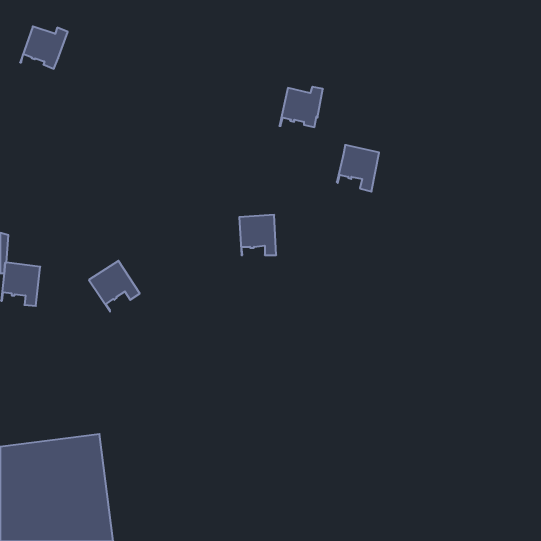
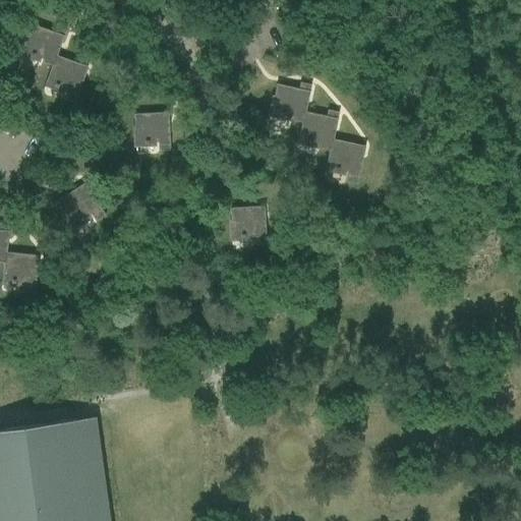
building: none -> [43,56,88,103]
building: none -> [296,111,338,150]
building: none -> [134,113,170,152]
building: [89,261,140,312] -> [56,184,105,233]

